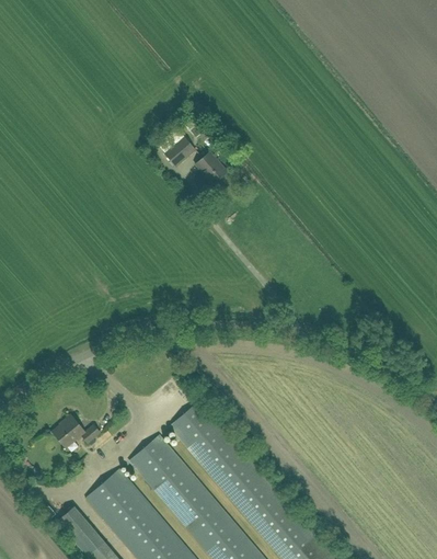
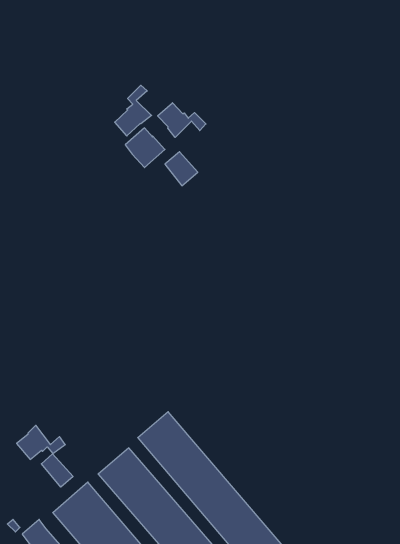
building: none -> [115,85,152,136]
building: none -> [158,103,206,137]
building: none -> [41,454,73,487]

